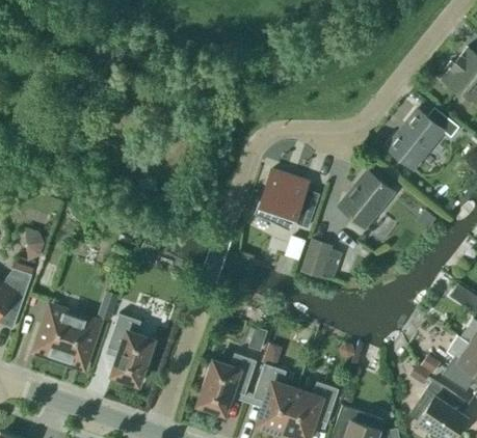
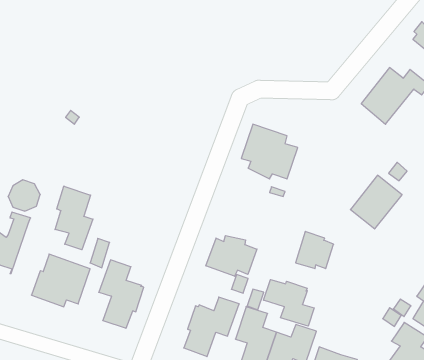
building: [339,170,394,227] -> [350,175,402,229]
building: none -> [55,186,93,250]
building: [301,239,342,278] -> [296,231,334,269]
building: none -> [206,236,257,276]
building: none -> [264,280,314,326]

